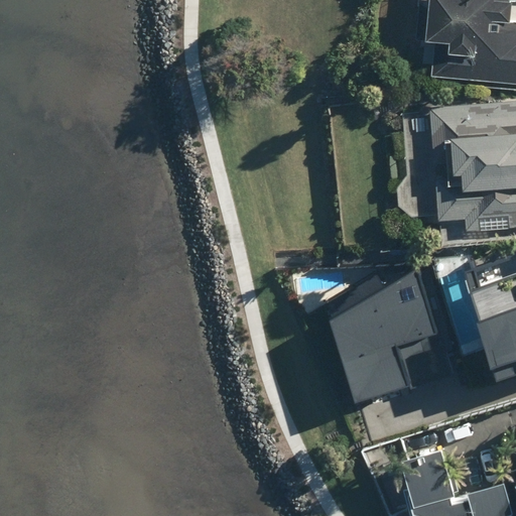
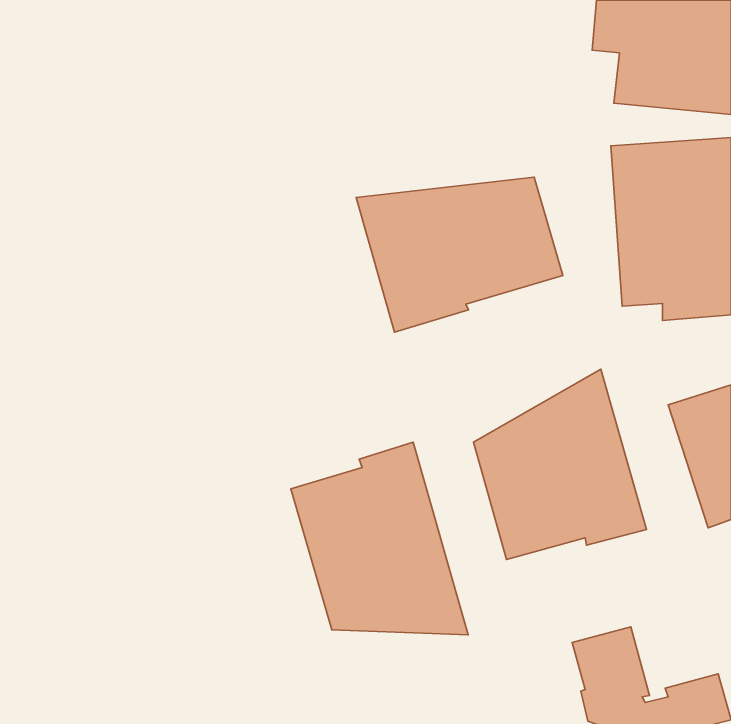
building: none -> [356,177,563,332]
building: none -> [291,442,468,635]

